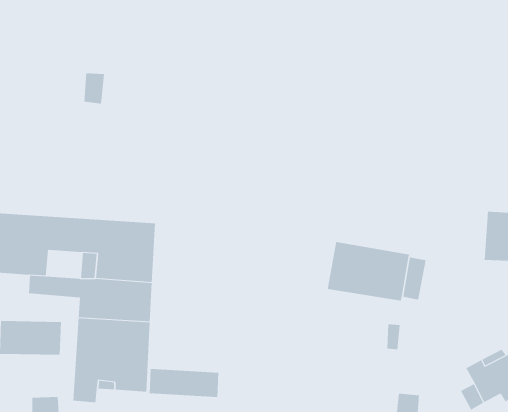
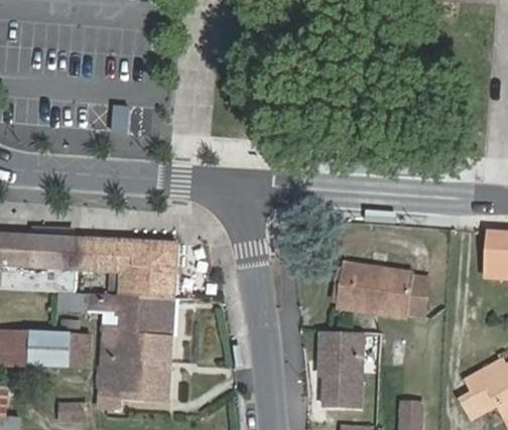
building: none -> [320,330,362,406]
building: [149,368,219,398] -> none

